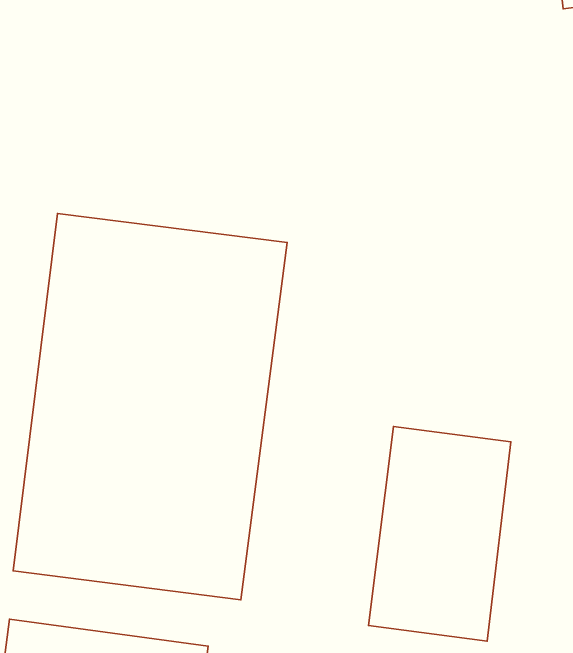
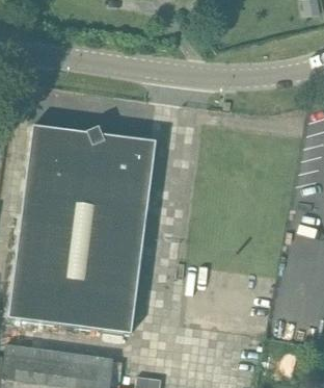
building: [368,427,511,641] -> none

